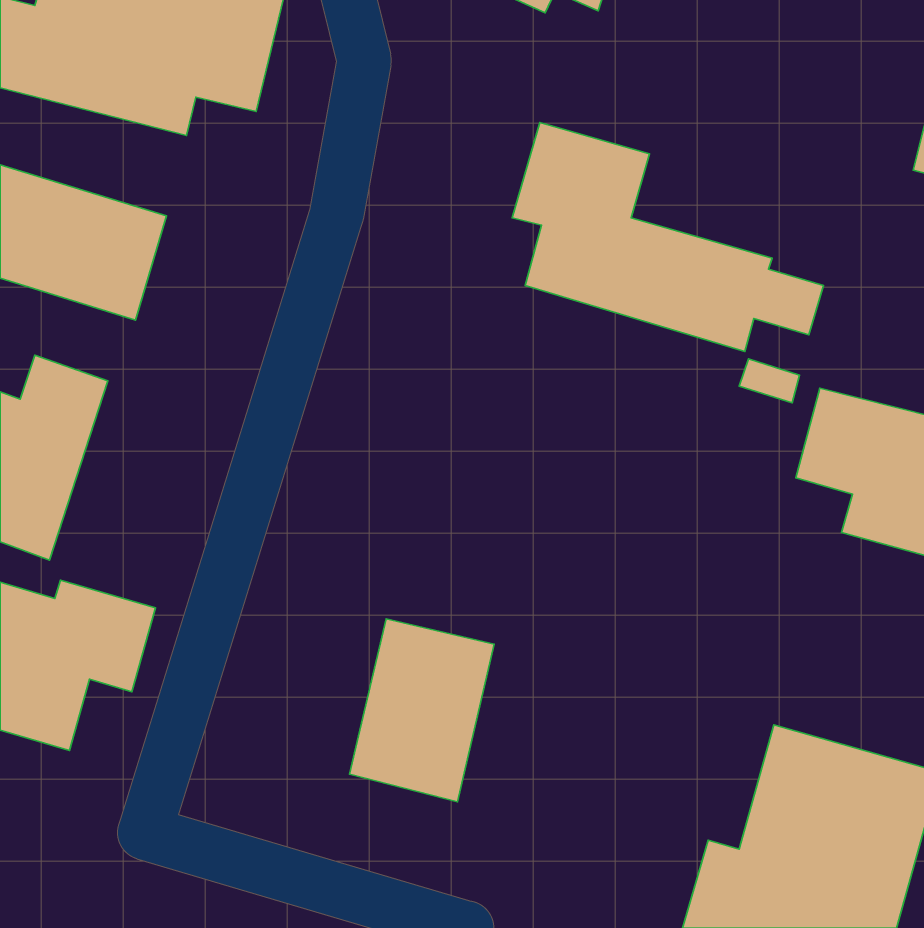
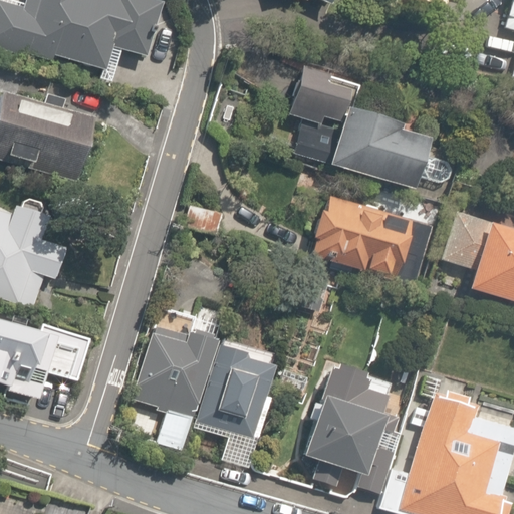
building: none -> [305,194,412,278]
building: none -> [132,329,214,448]
building: none -> [303,361,392,494]

